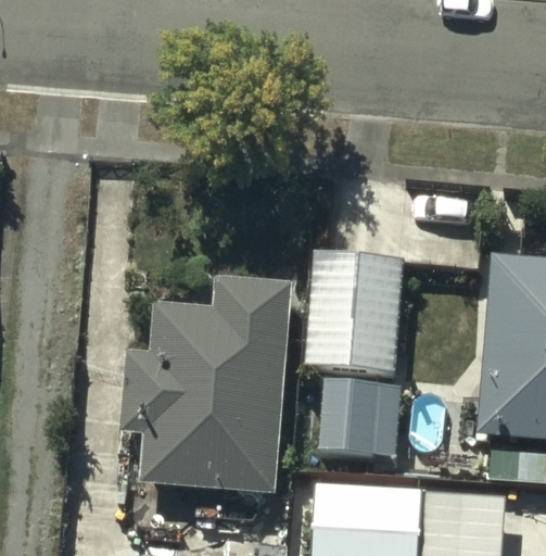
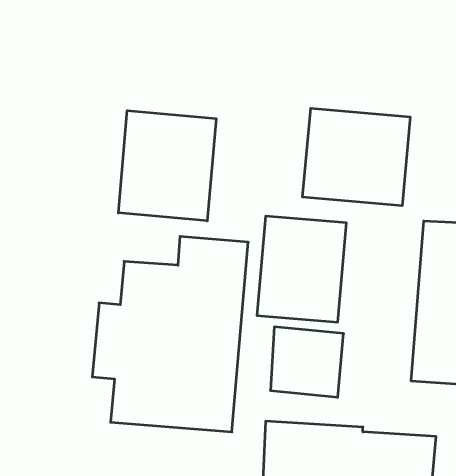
building: none -> [303,108,410,206]
building: none -> [118,111,216,221]

